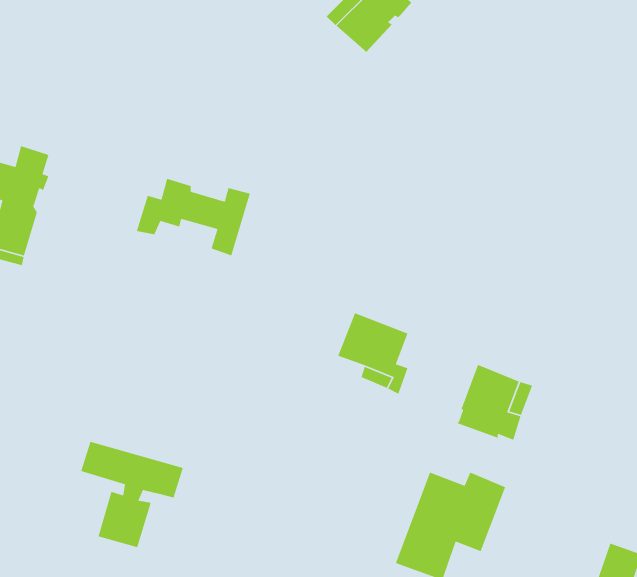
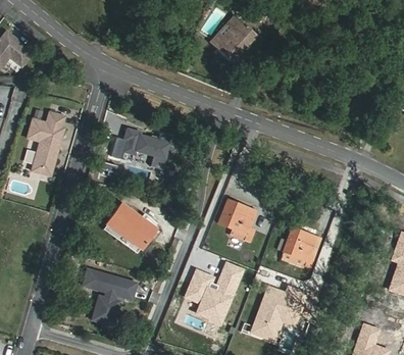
building: none -> [105,203,156,250]
building: none -> [185,261,245,324]

